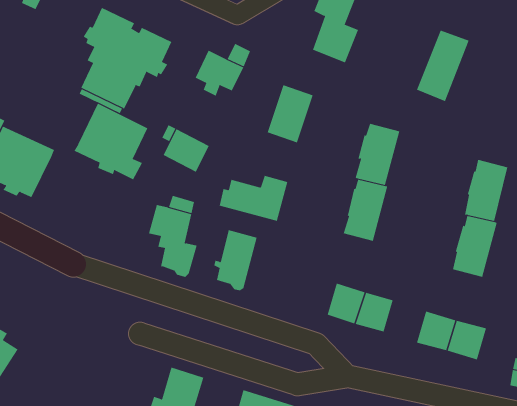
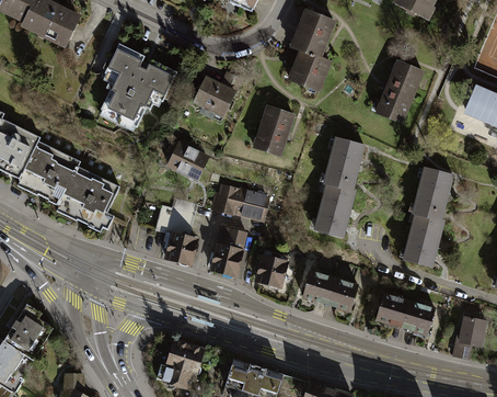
building: [73,103,148,180] -> [58,166,119,229]
building: none -> [258,249,288,287]

